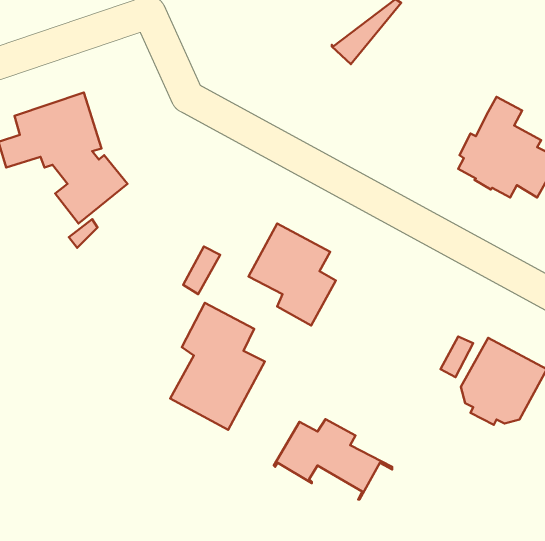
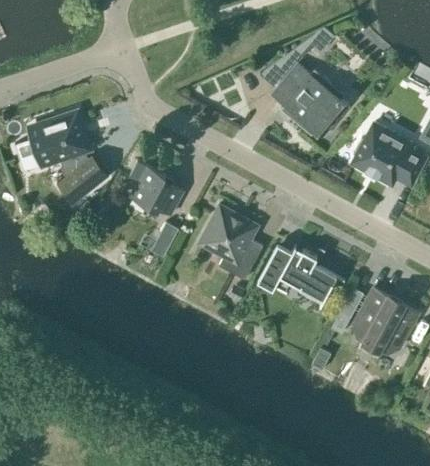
building: none -> [272,64,348,135]
building: none -> [129,161,183,216]
building: [170,303,265,430] -> none
building: [274,419,392,500] -> [257,246,344,305]

